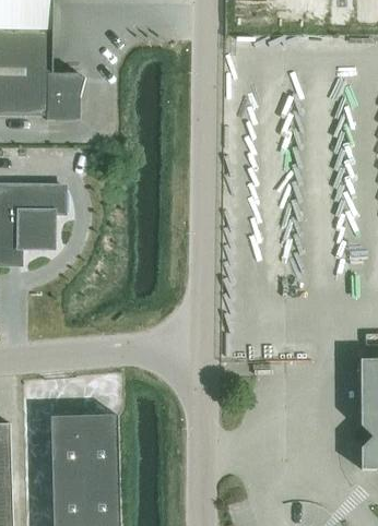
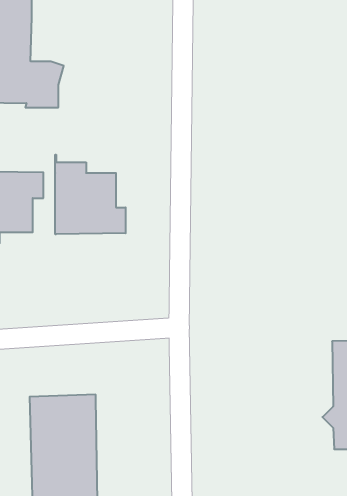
building: none -> [55,155,126,234]

